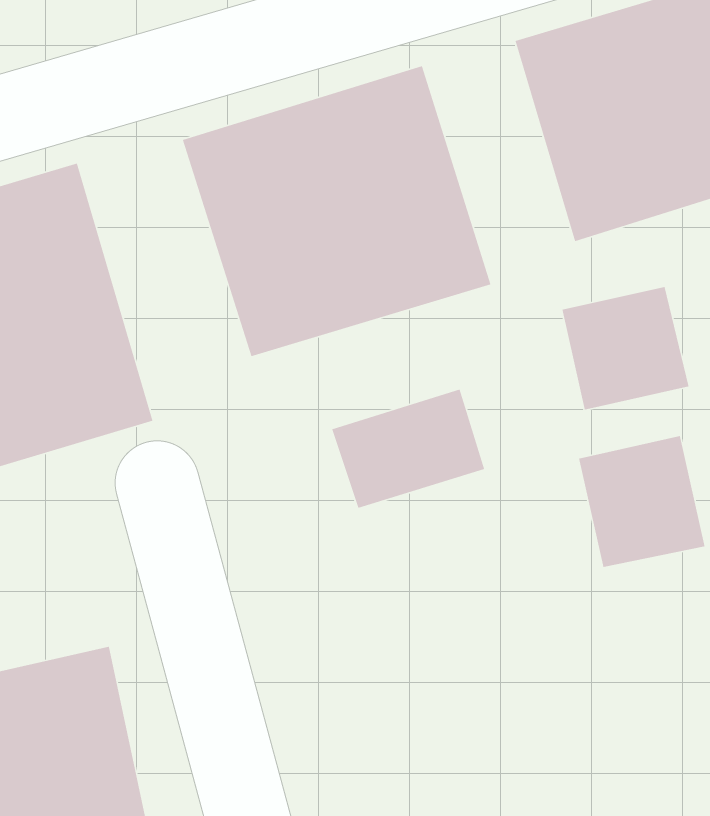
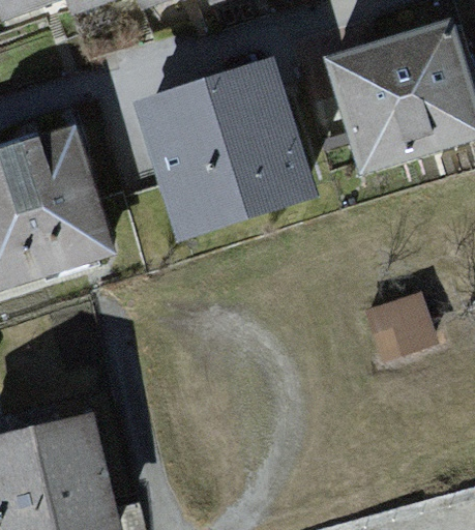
building: [562,286,690,411] -> none
building: [331,389,485,509] -> none

